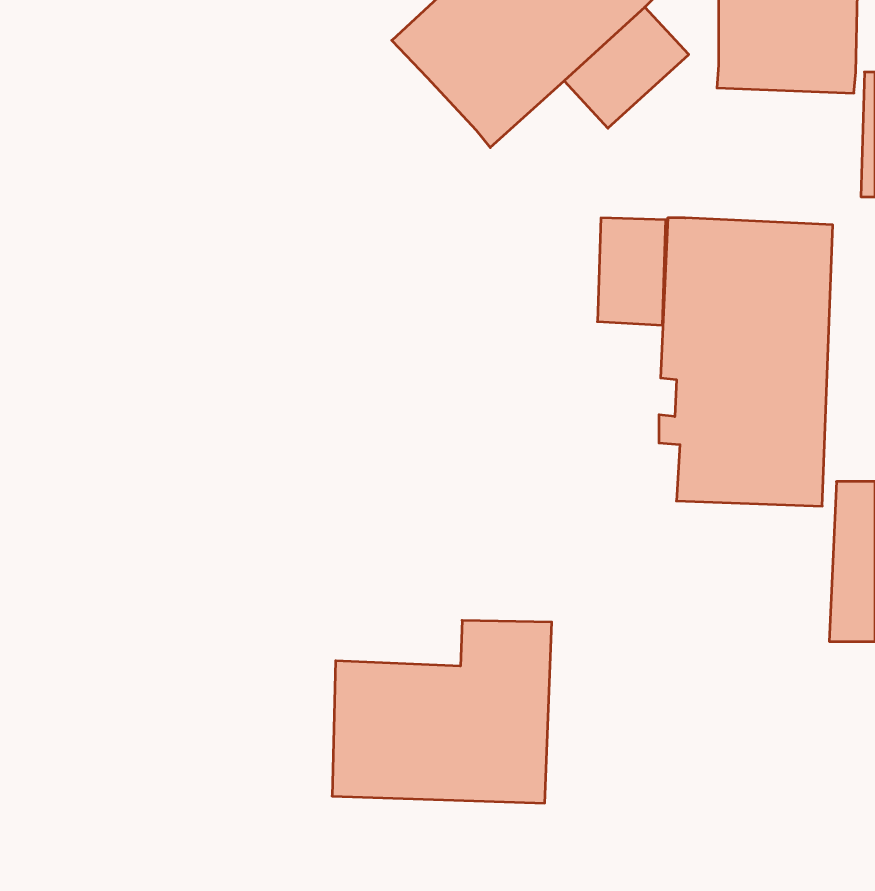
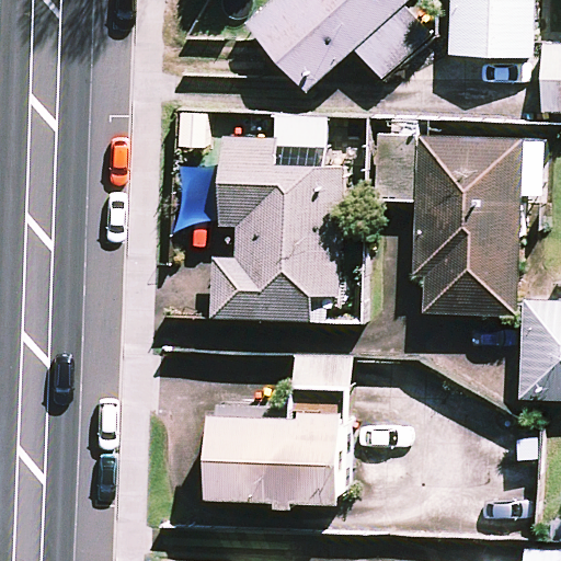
building: none -> [210,138,343,322]

